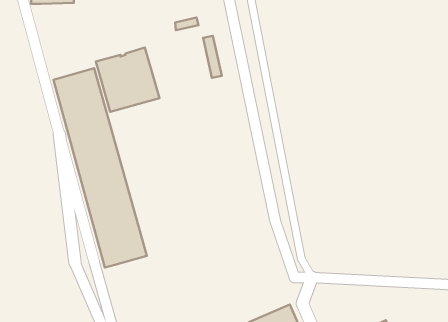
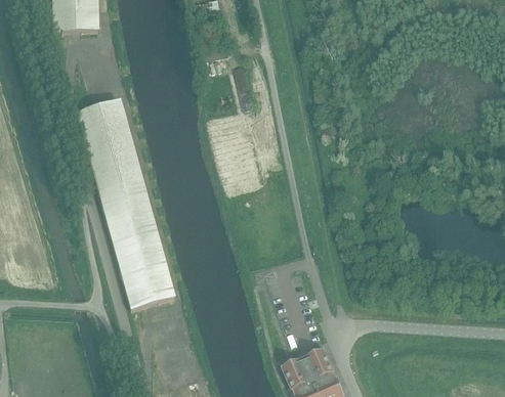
building: [96,48,159,112] -> none

